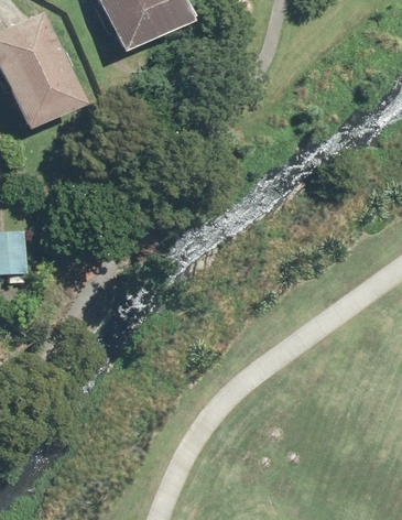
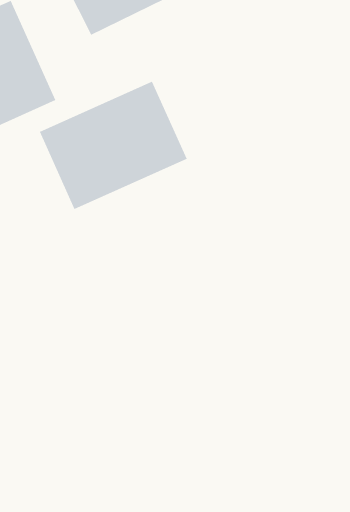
building: none -> [39,81,187,210]

